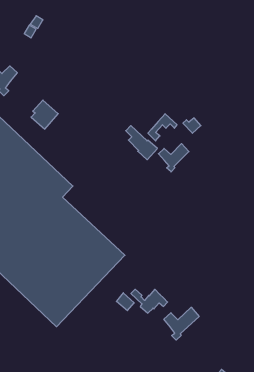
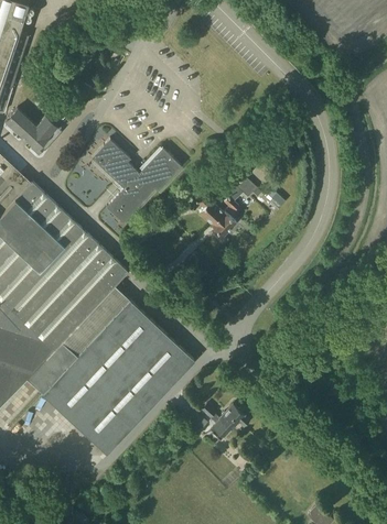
building: none -> [92,140,181,222]
building: [158,144,189,172] -> none
building: [164,307,199,340] -> none

